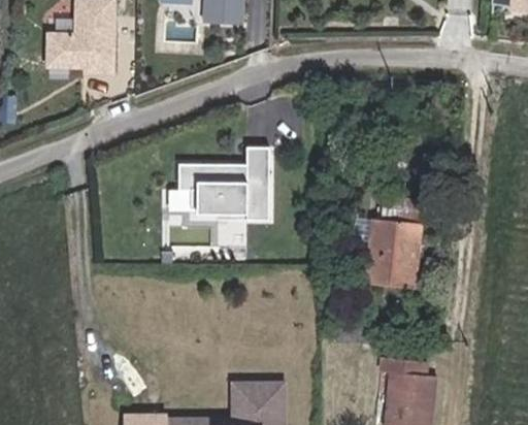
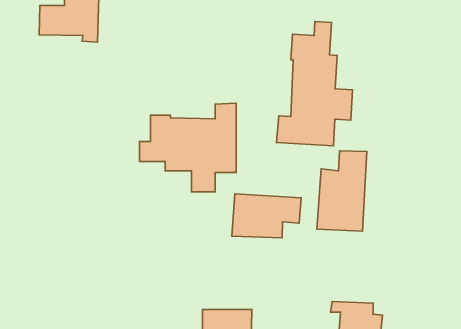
building: none -> [276,22,352,146]
building: none -> [232,194,301,238]

